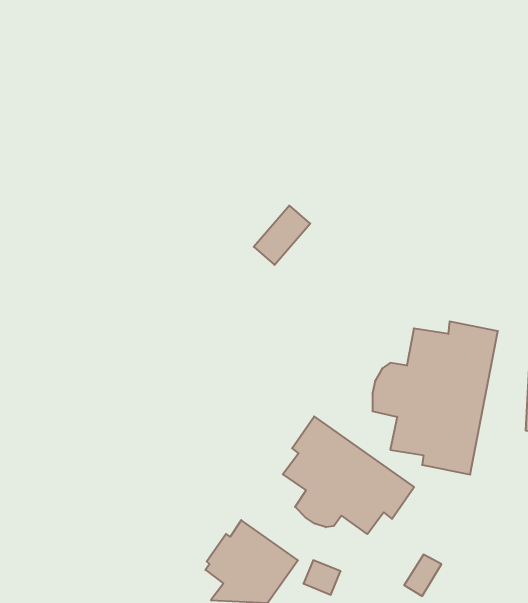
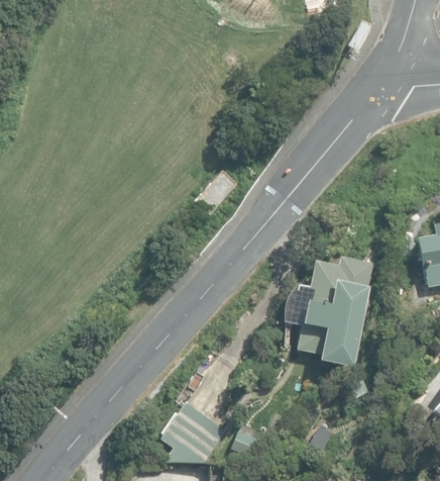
building: [283,416,414,534] -> none

